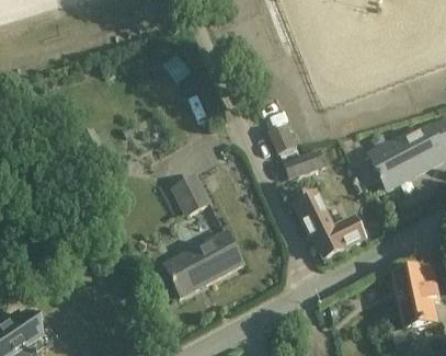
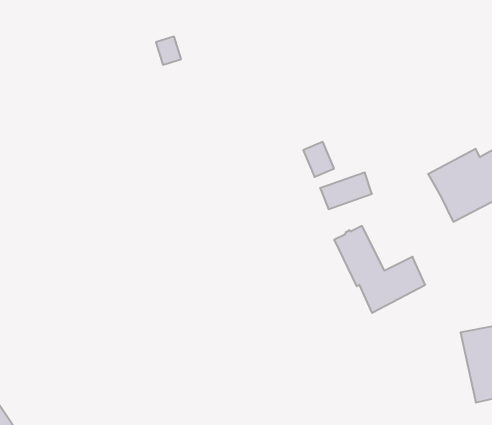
building: [169,175,210,217] -> none
building: [168,231,243,296] -> none

